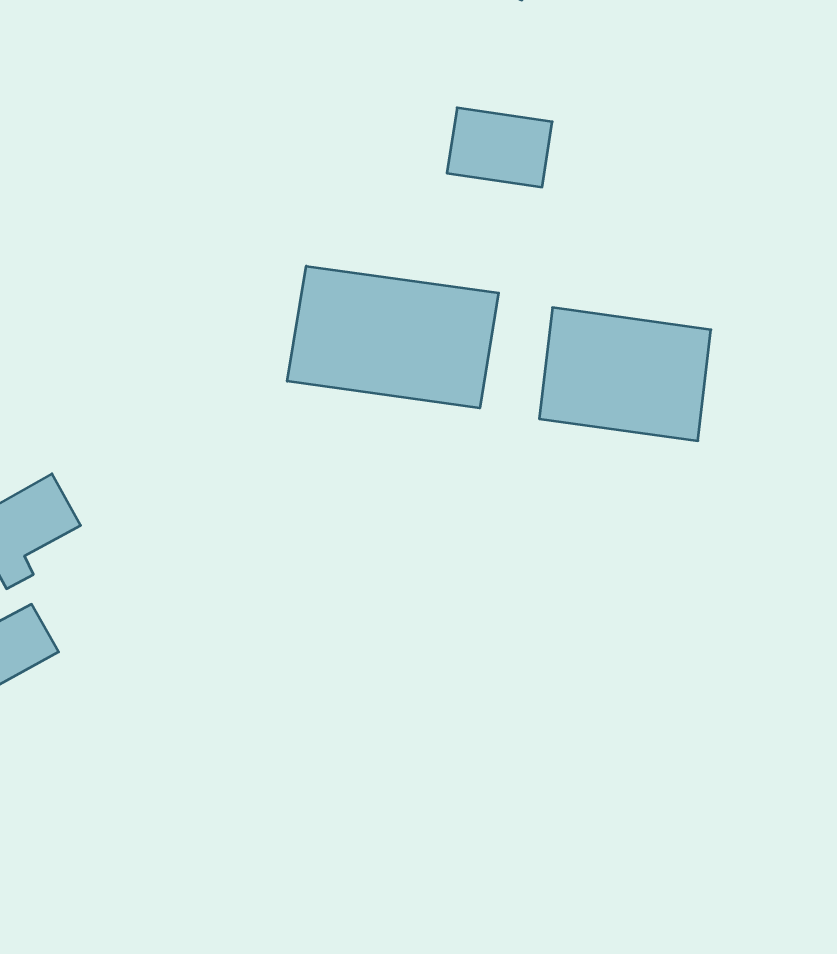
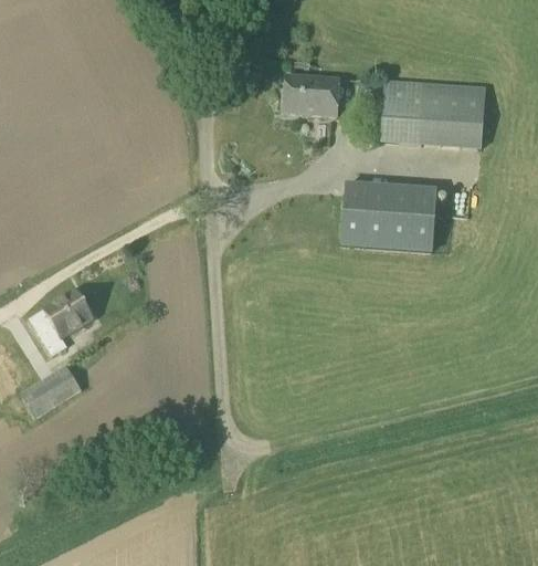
building: none -> [380,81,488,149]
building: [287,266,499,408] -> none

